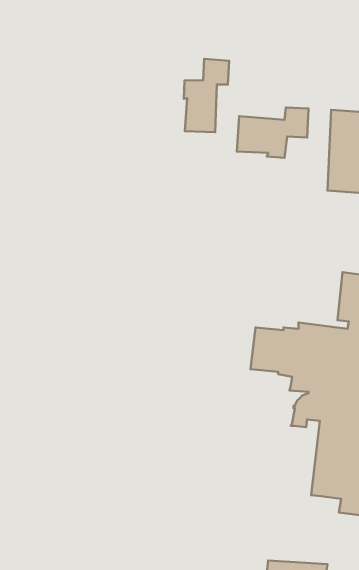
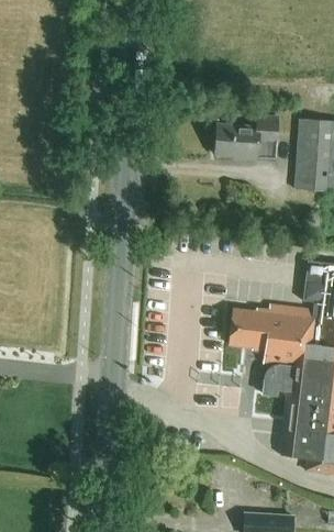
building: [184,59,229,132] -> none

